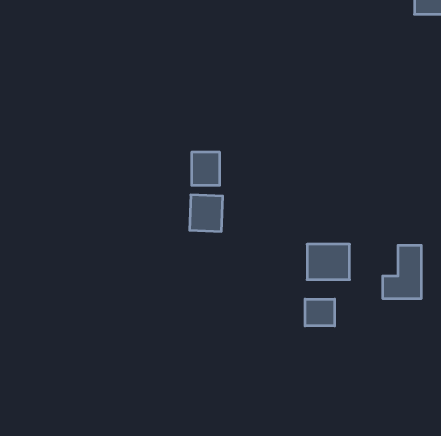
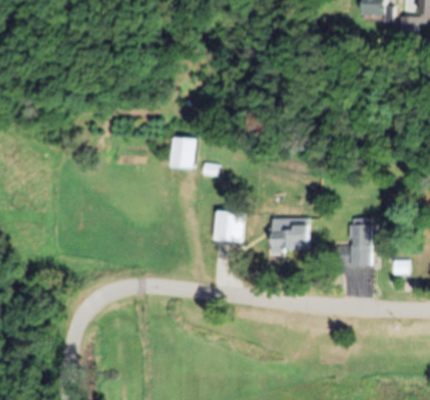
building: [190,195,223,231] -> [214,211,243,243]
building: [305,299,335,326] -> none

